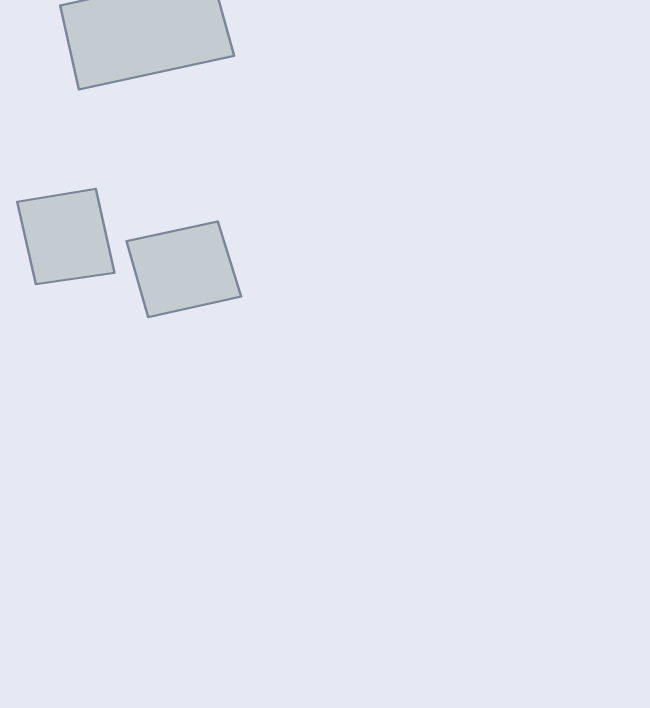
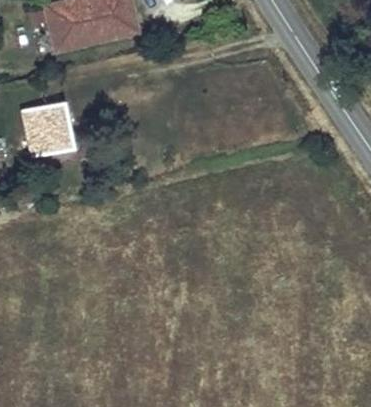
building: [127,221,241,317] -> none

